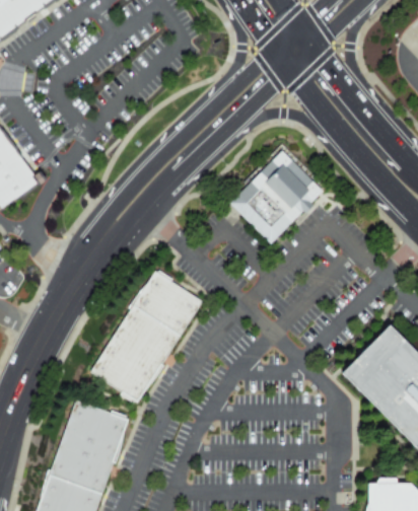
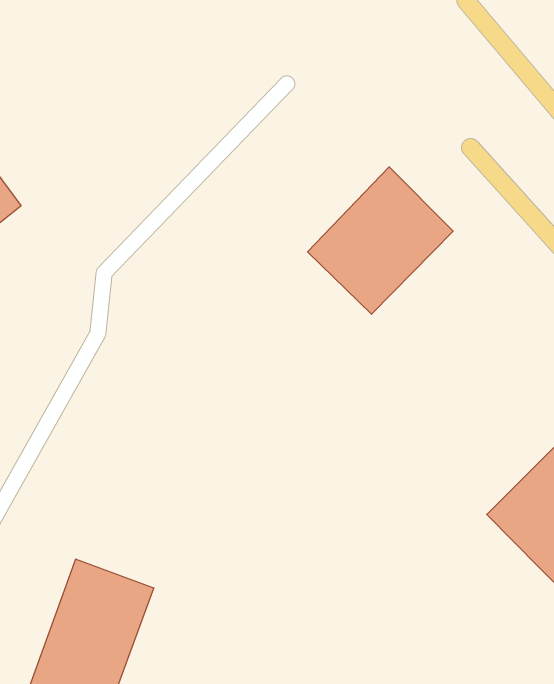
building: [90,272,203,406] -> none

